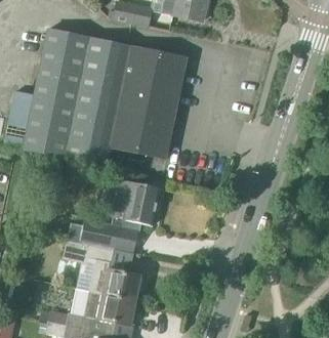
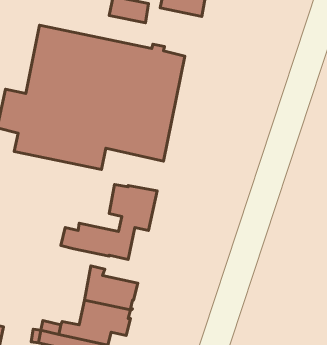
building: [64,240,114,262] -> none

